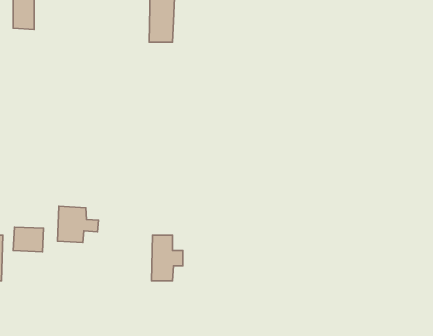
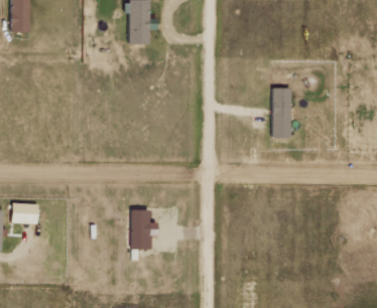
building: none -> [272,88,291,138]
building: [57,206,98,243] -> none

